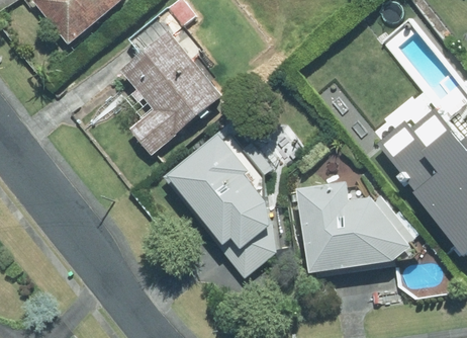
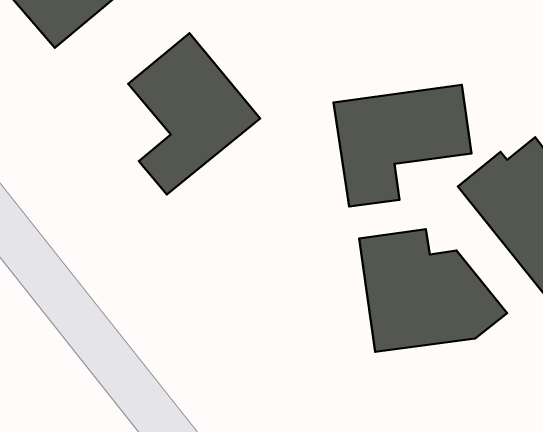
building: none -> [334,85,471,207]
building: [165,119,276,275] -> none

